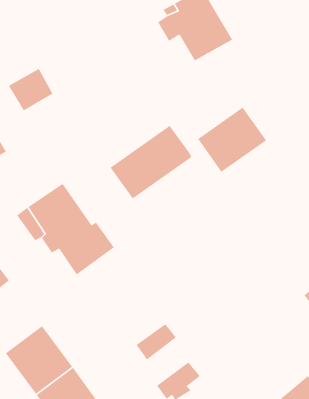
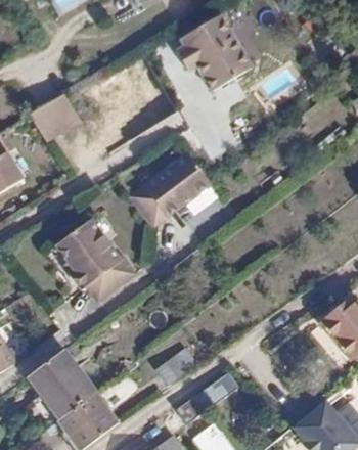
building: [197,107,267,173] -> none

